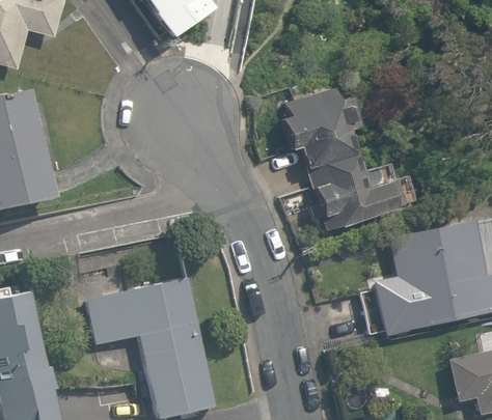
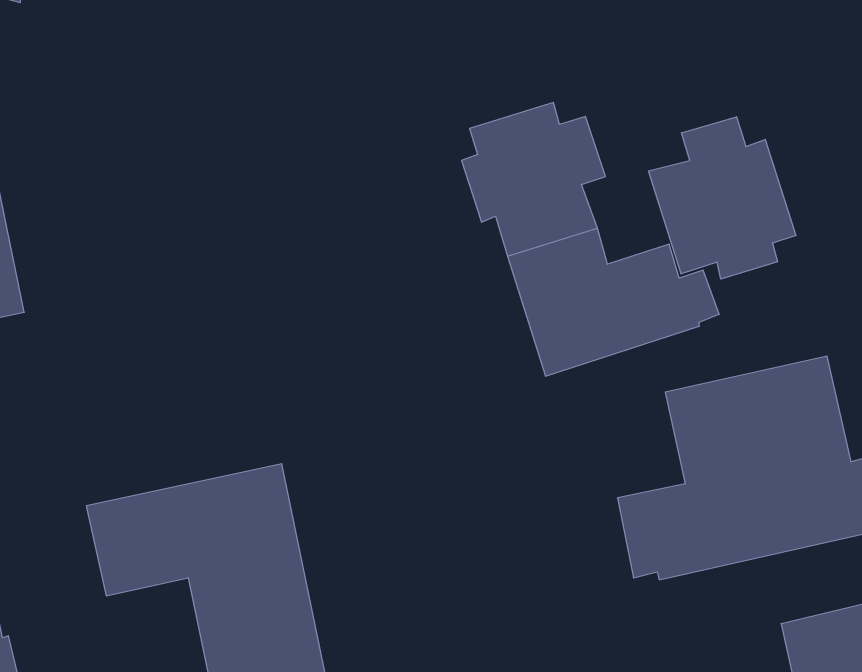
building: none -> [648,117,796,279]

